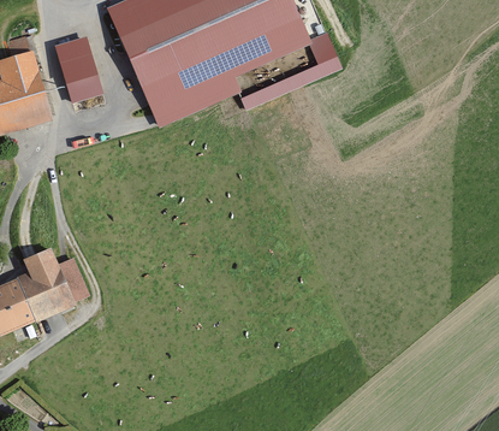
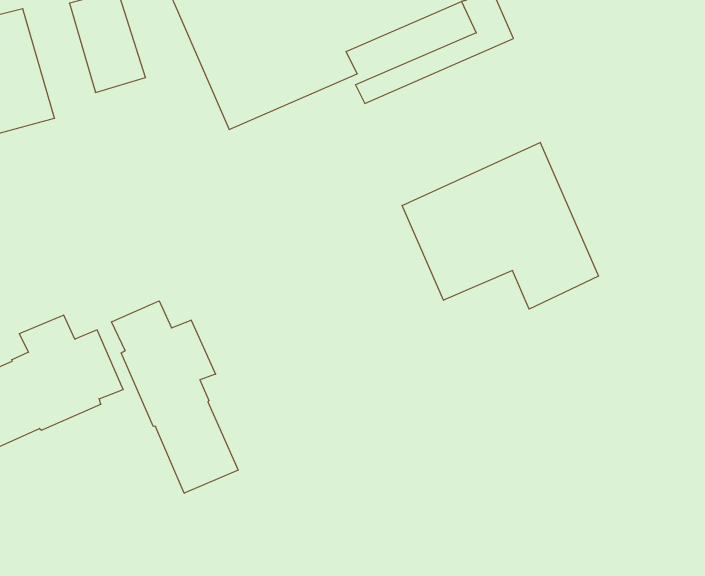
building: none -> [402,142,598,309]
building: none -> [112,301,238,493]

